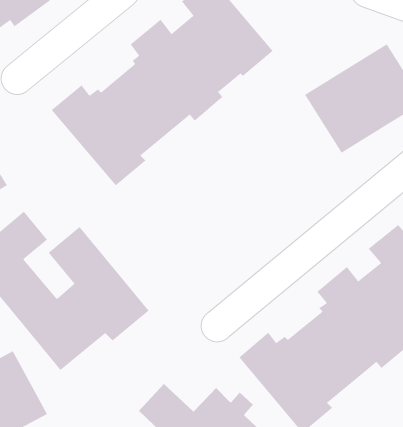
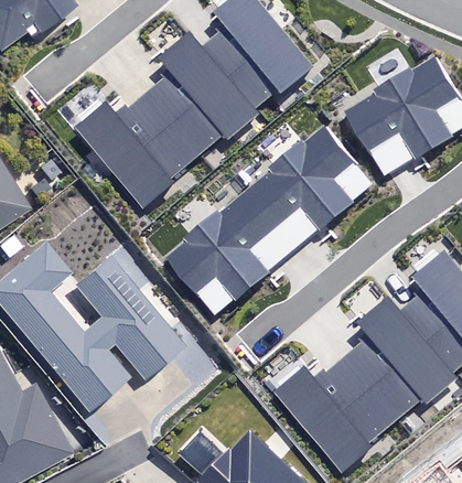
building: none -> [166,125,373,316]

